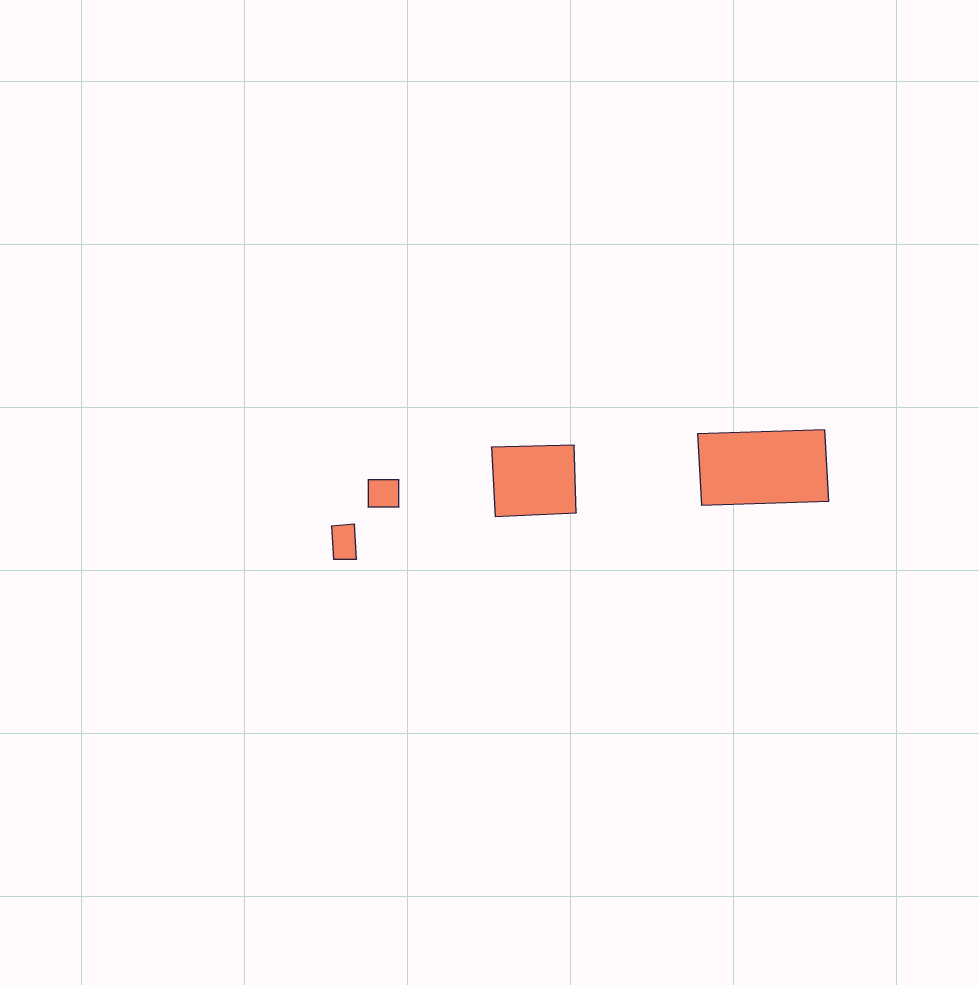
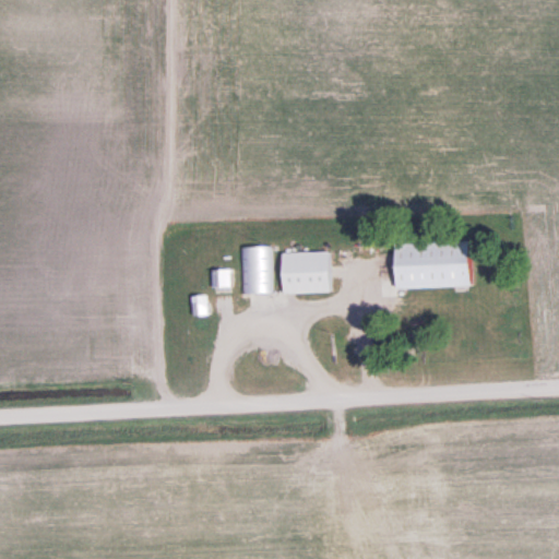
building: none -> [241,249,272,295]

